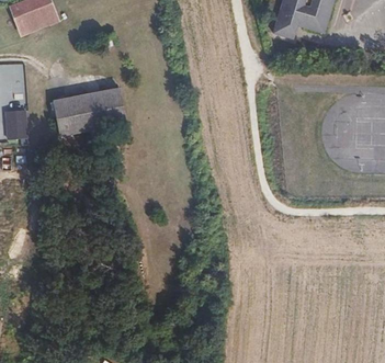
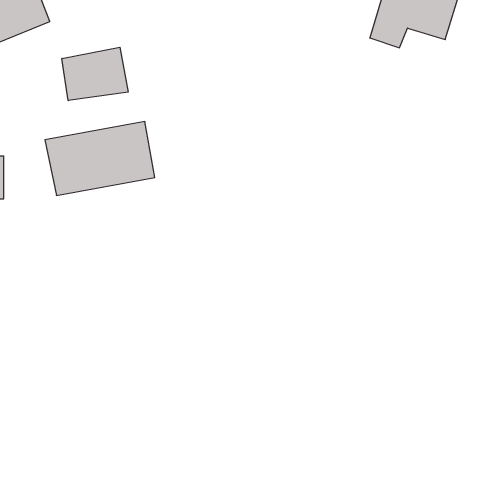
building: none -> [62,47,128,101]

